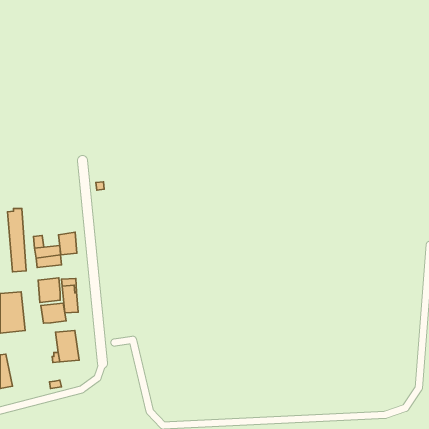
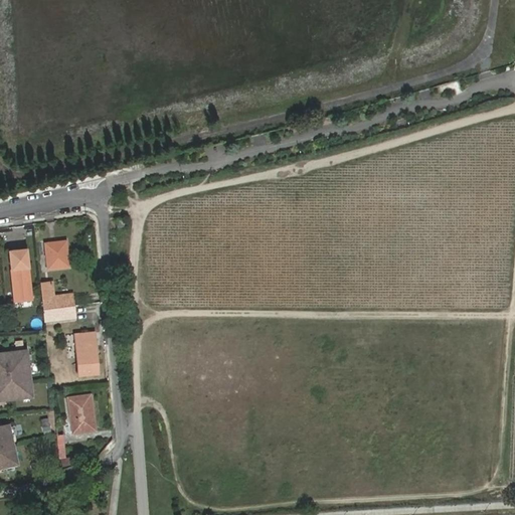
building: [58,232,77,255] -> [46,240,68,268]
building: [38,278,60,303] -> none
building: [41,303,66,323] -> none

